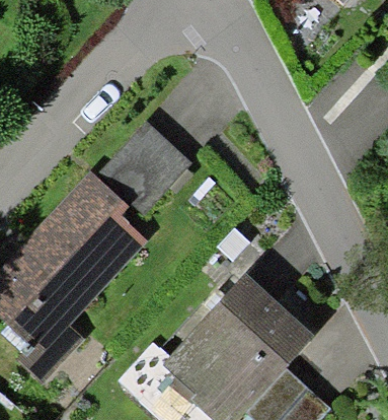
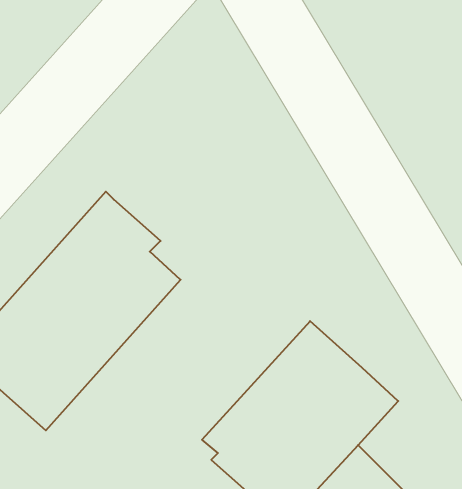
building: [96,126,191,221] -> none

